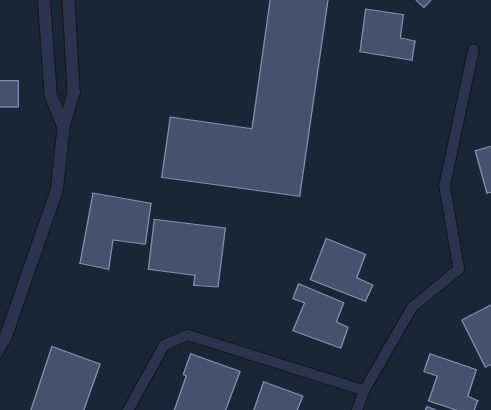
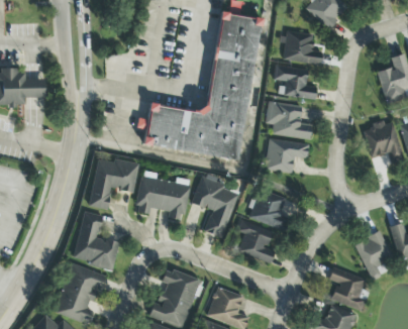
building: none -> [273,64,315,100]
building: none -> [266,101,314,139]
building: none -> [265,138,310,172]
building: none -> [192,177,239,237]
building: none -> [72,211,118,269]

